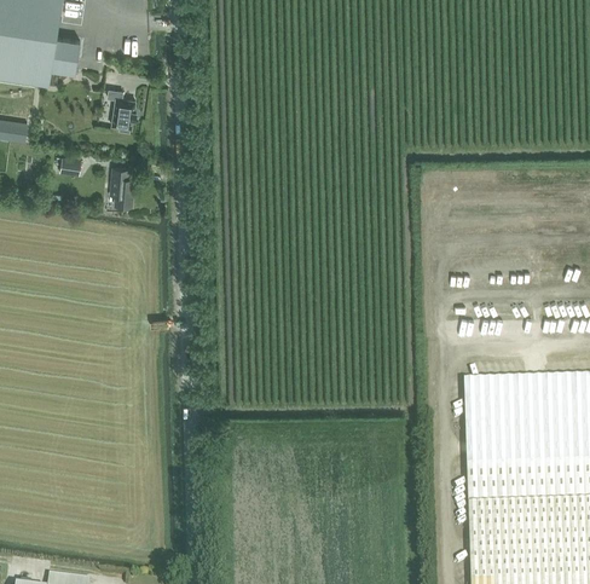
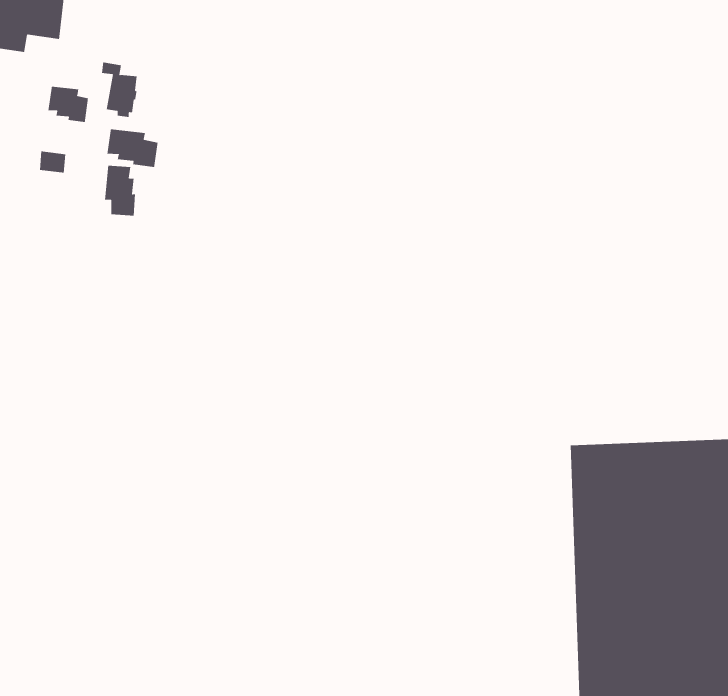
building: none -> [48,86,89,123]
building: none -> [107,128,158,168]

